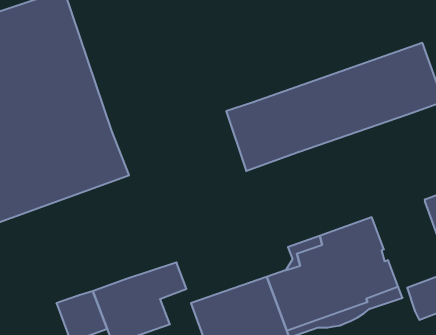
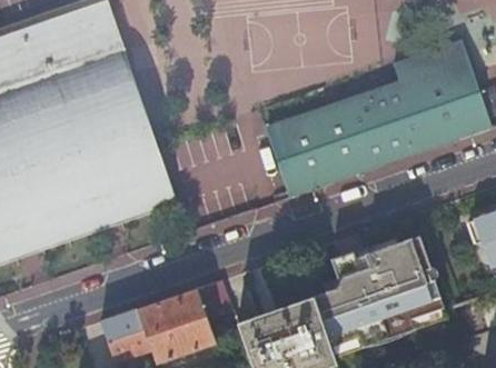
building: none -> [394,39,469,84]

